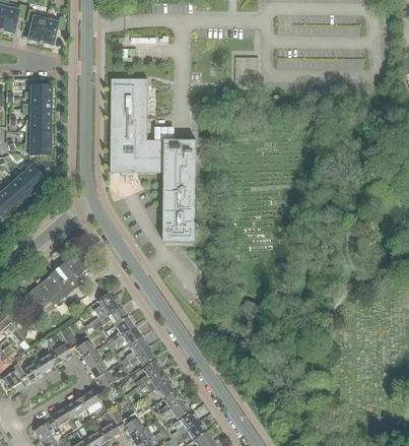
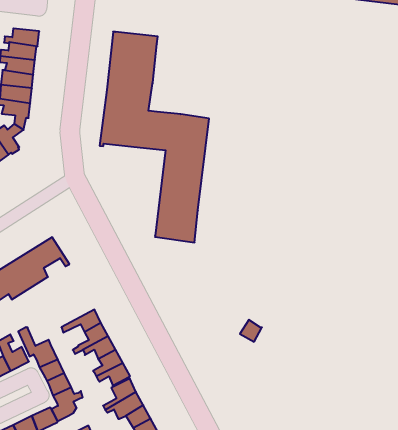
building: [235,57,258,85] -> none
building: [84,293,121,329] -> none

